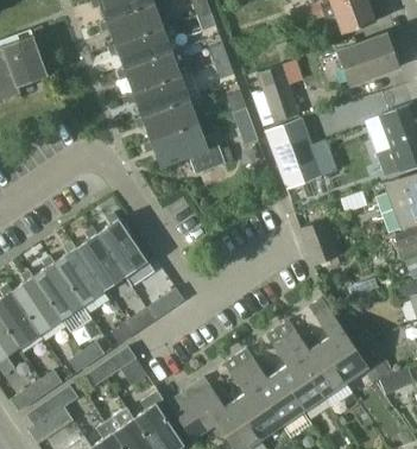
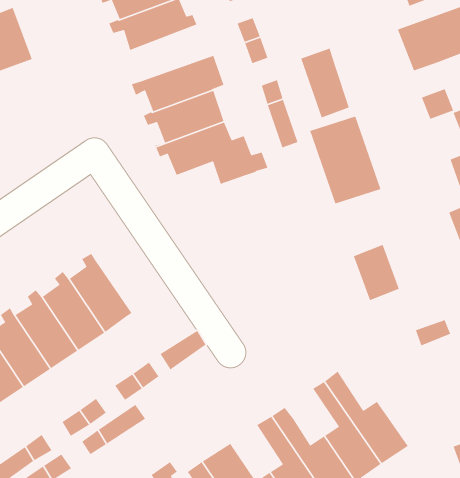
building: [116,46,190,91] -> none
building: [97,211,151,287] -> none
building: [309,297,366,379] -> none

